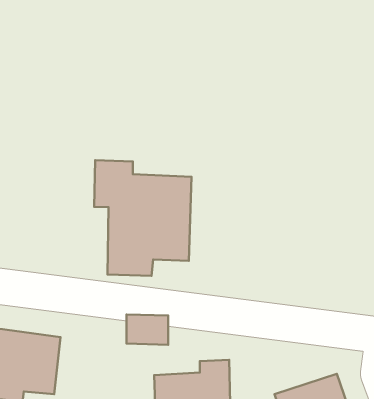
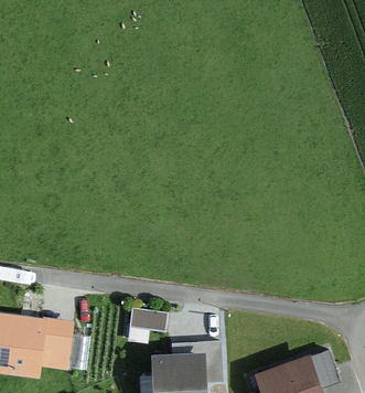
building: [94,160,191,276] -> none

